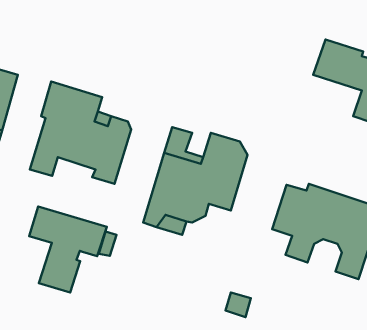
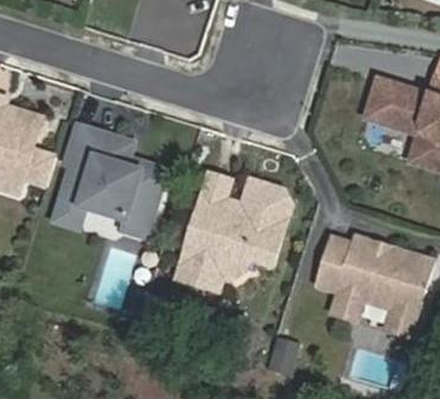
building: [29,206,107,293] -> none

